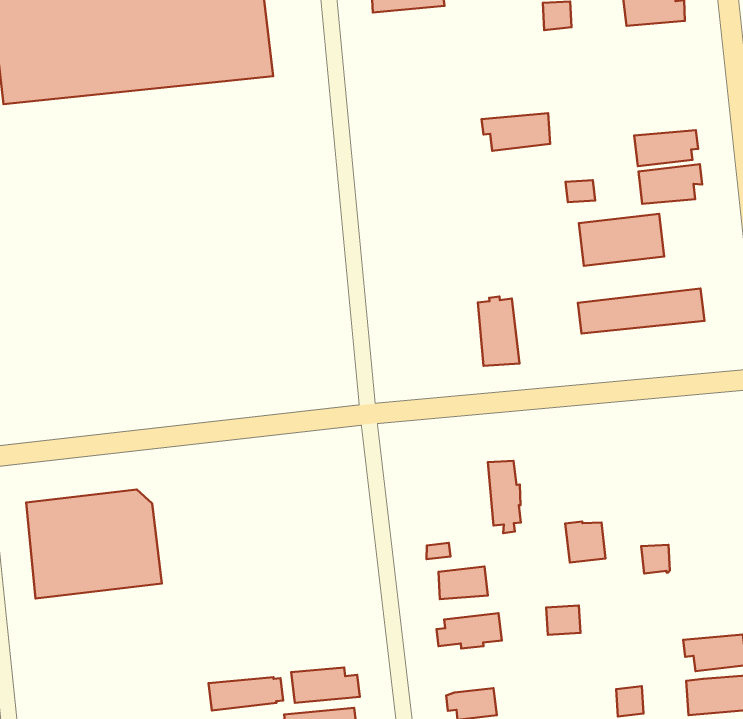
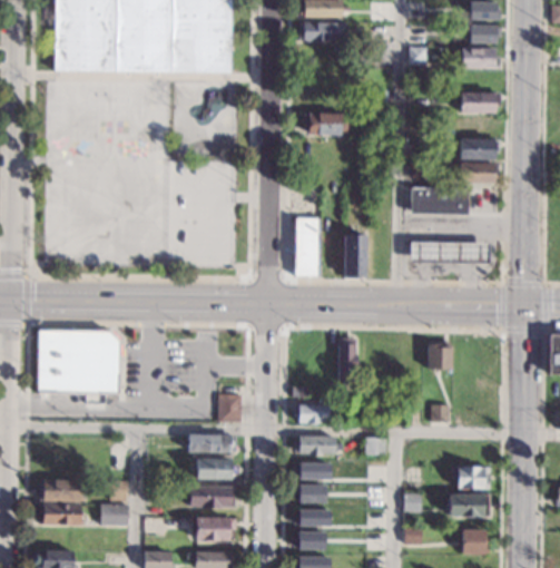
building: none -> [461,91,500,112]
building: [482,113,550,151] -> [304,112,347,134]
building: none -> [295,217,321,276]
building: [565,521,606,563] -> [429,342,452,368]
building: none -> [218,393,242,422]
building: none -> [295,461,332,478]
building: [208,677,283,710] -> [189,433,236,451]

